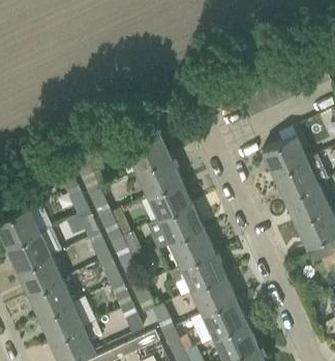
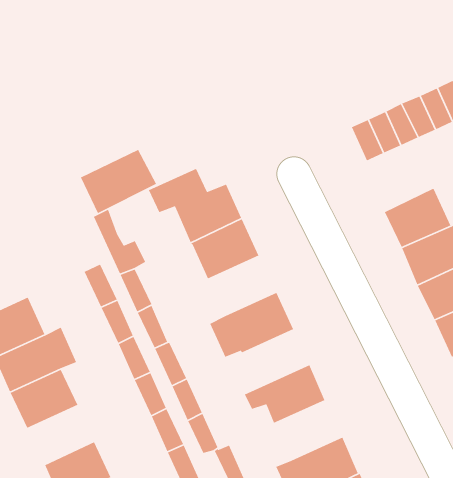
building: none -> [80,149,157,214]
building: [147,181,192,220] -> none
building: [170,230,214,268] -> none
building: [190,276,236,315] -> none
building: [28,279,72,319] -> none

